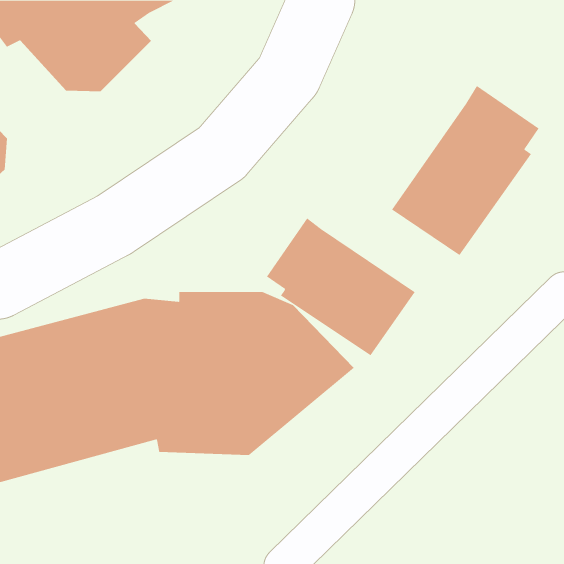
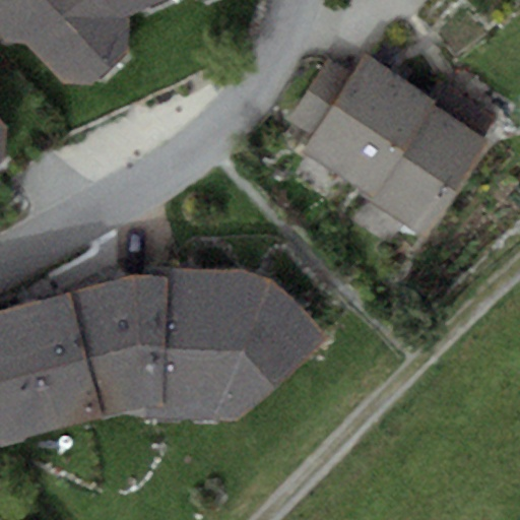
building: none -> [284,54,427,194]
building: [266,218,415,356] -> none

